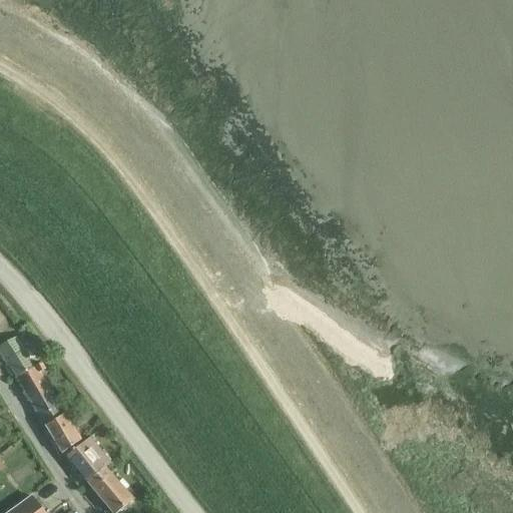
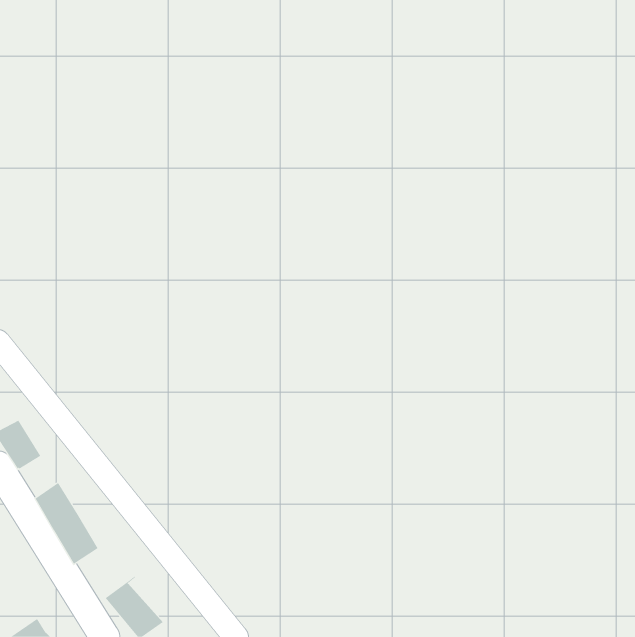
building: [15,363,47,400] -> none
building: [65,437,108,480] -> none

